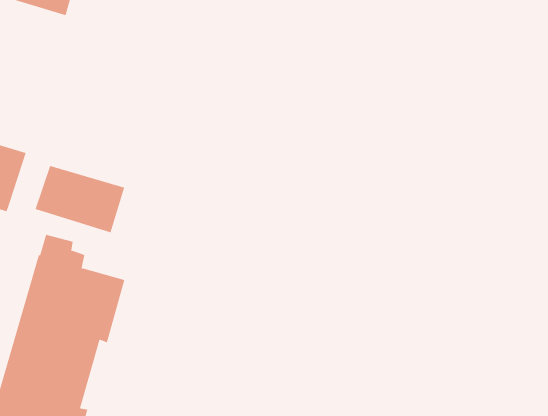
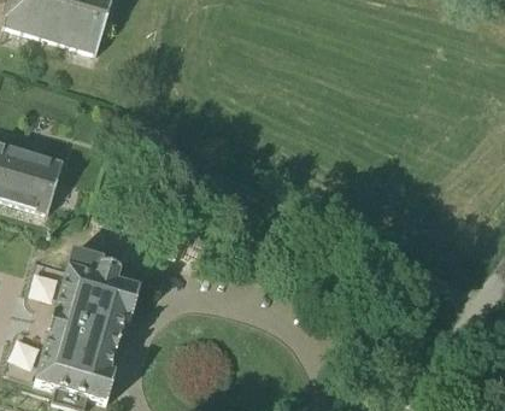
building: [35,165,125,233] -> none

